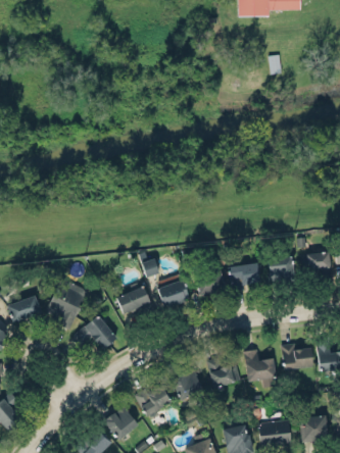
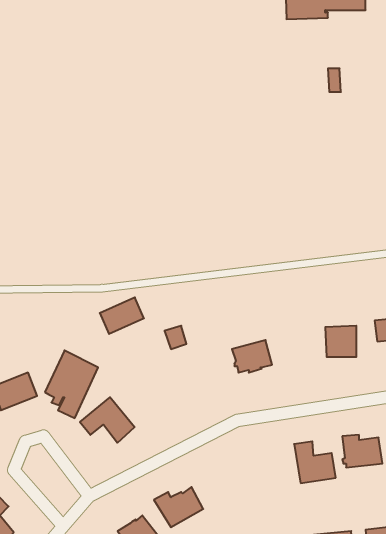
building: [227,262,260,291] -> none
building: [156,280,189,307] -> none
building: [115,286,150,314] -> [100,297,144,334]
building: [206,357,240,388] -> none
building: [171,369,202,400] -> none

